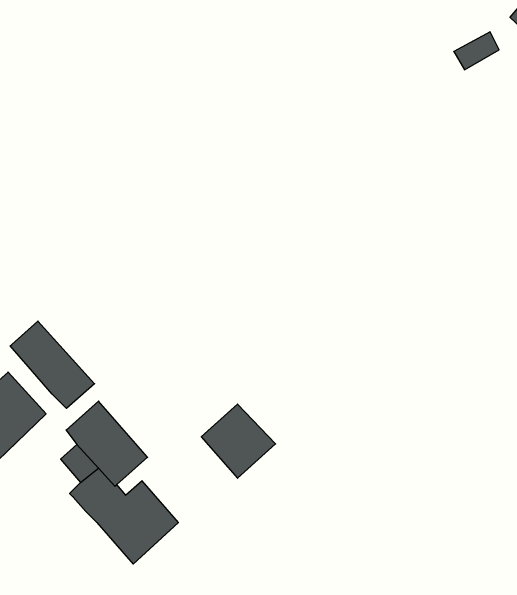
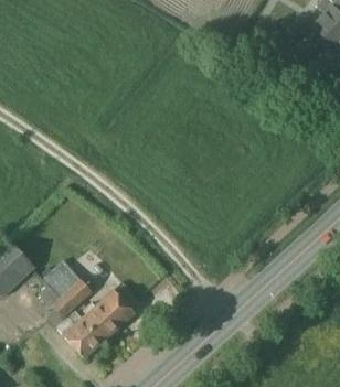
building: [10,321,95,408] -> none
building: [201,404,276,478] -> [89,289,135,334]

